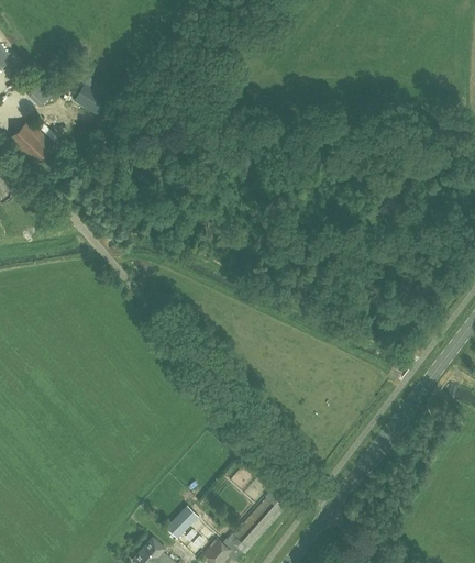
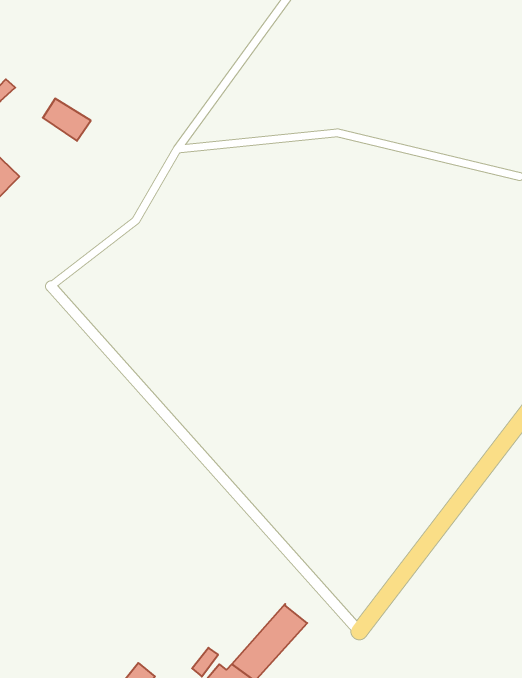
building: [164,506,197,539] -> none

